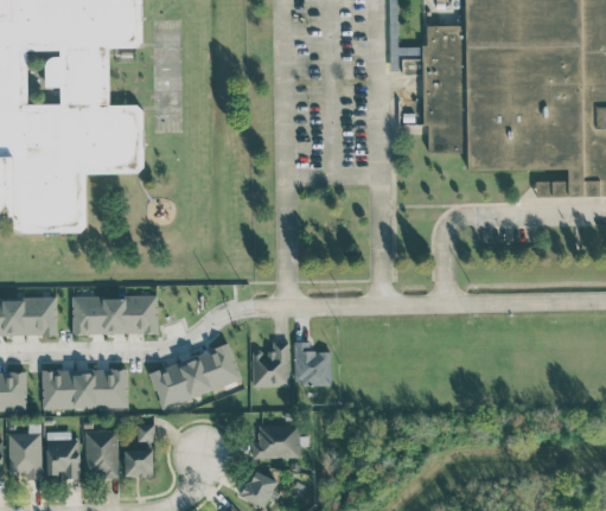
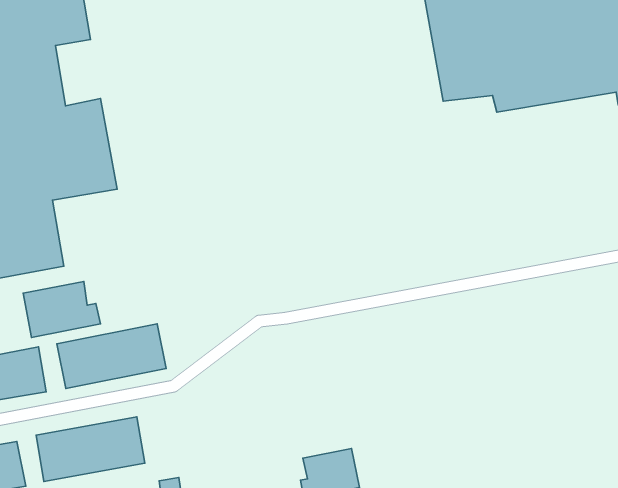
building: none -> [23,281,100,337]
building: [293,341,331,385] -> none
building: [251,343,289,388] -> none
building: [149,345,241,408] -> none

